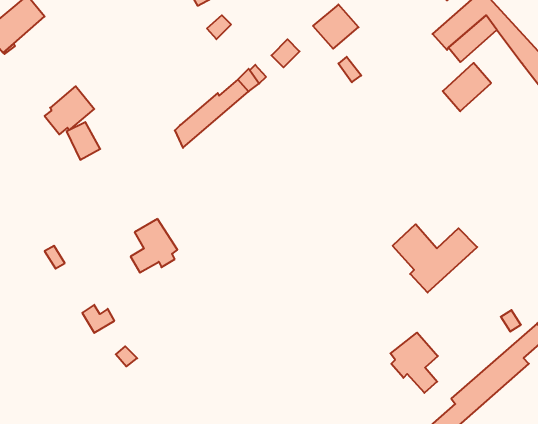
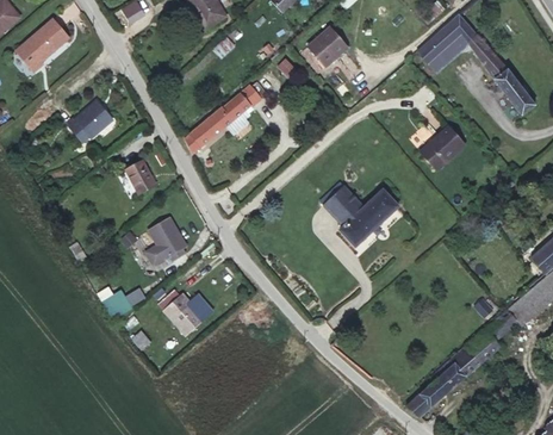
building: [443,63,491,111] -> [421,126,464,169]
building: [67,122,100,160] -> [126,160,156,193]
building: [393,224,477,293] -> [324,185,399,246]
building: none -> [159,288,204,335]
building: [390,333,438,393] -> none

